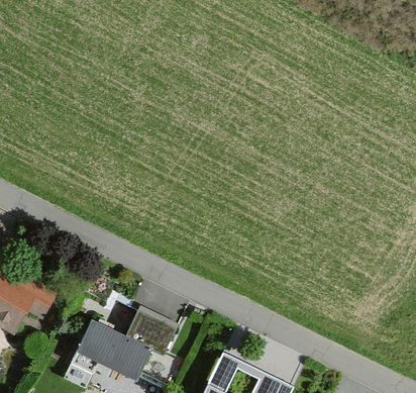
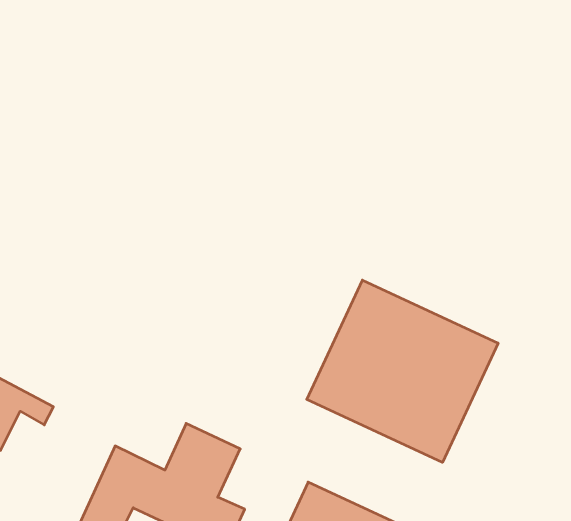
building: none -> [307,280,498,462]

